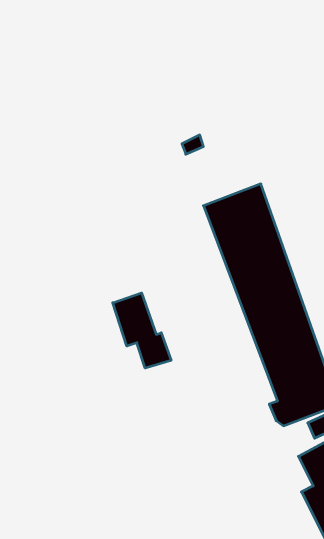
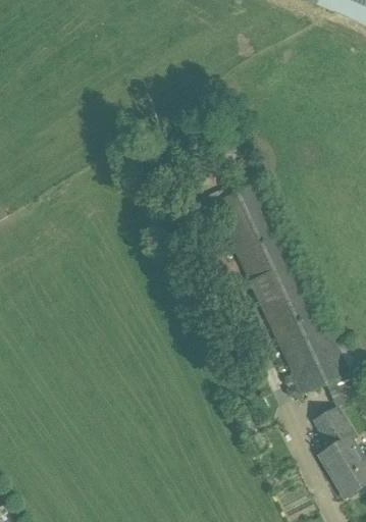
building: [113,293,171,368] -> none

